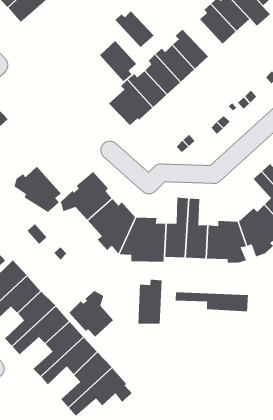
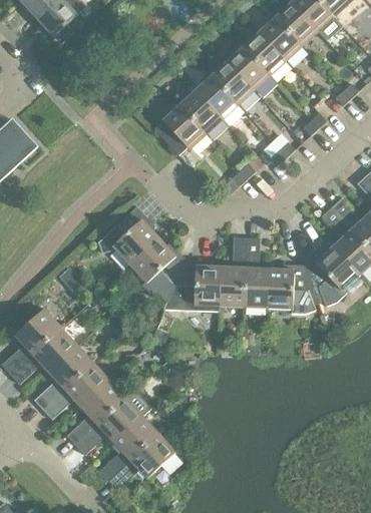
building: [115,10,154,48] -> [240,31,286,74]
building: [99,40,137,82] -> none
building: [14,166,62,213] -> none
building: [138,279,162,325] -> none
building: [68,290,114,338] -> none
building: [175,291,249,312] -> none

